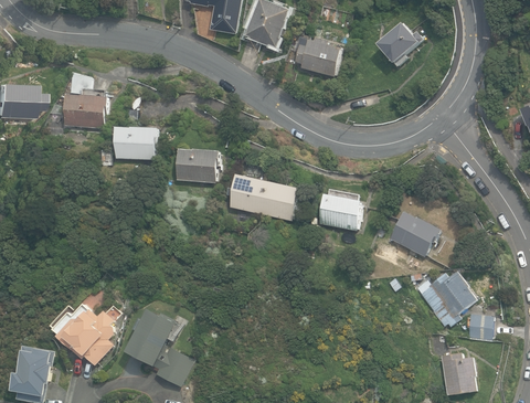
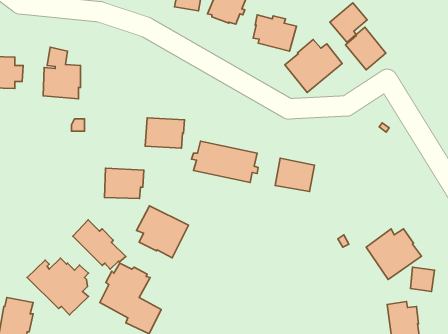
building: none -> [346,27,386,70]
building: none -> [285,39,342,92]
building: [114,126,157,159] -> [104,168,144,198]
building: [389,211,441,255] -> none
building: none -> [136,206,189,258]
building: none -> [73,220,126,269]

